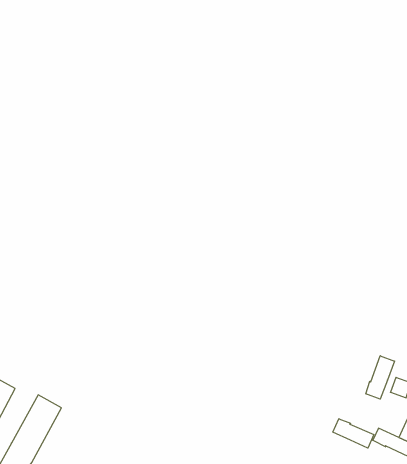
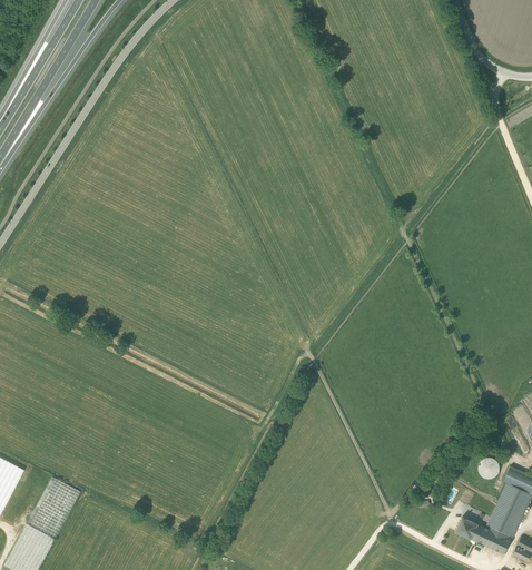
building: [366,356,395,399] -> none
building: [333,419,374,448] -> none

